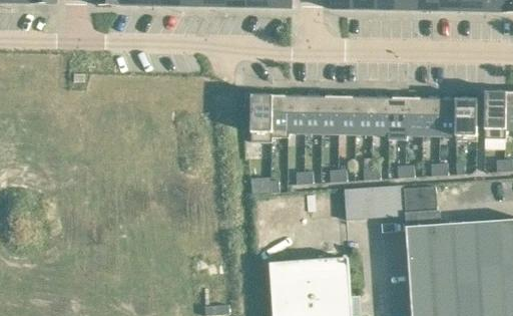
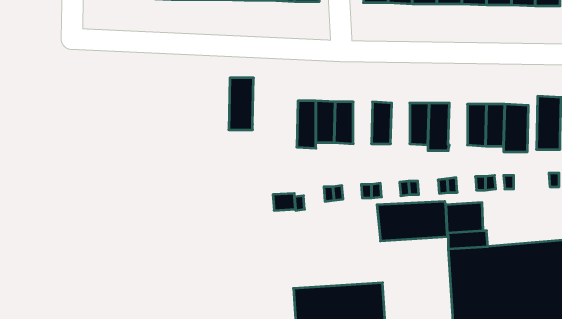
building: [251,95,274,141] -> [229,78,254,130]
building: [323,96,340,133] -> none
building: [356,97,373,133] -> none
building: [407,97,424,134] -> none

